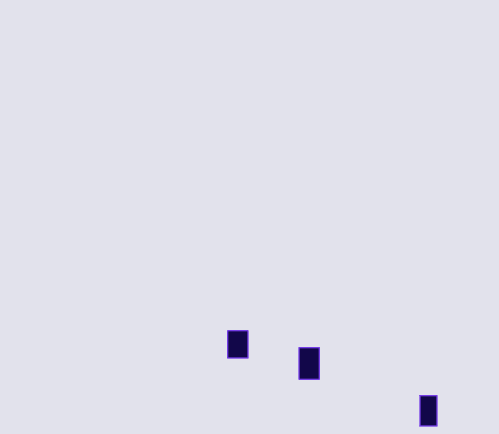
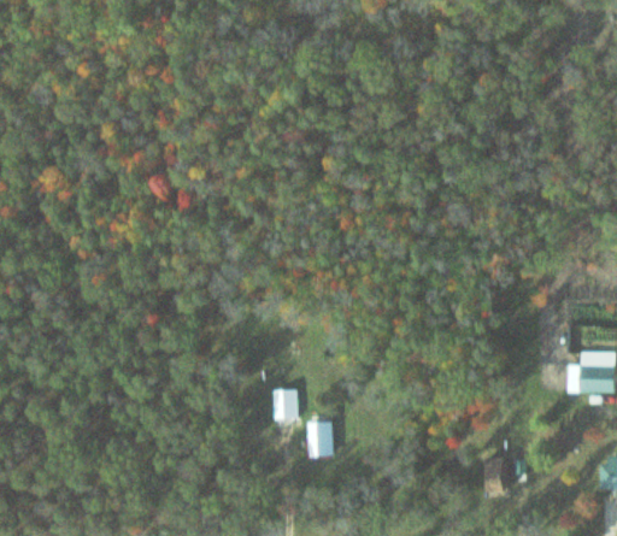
building: [299,348,319,379] -> [308,420,331,455]

